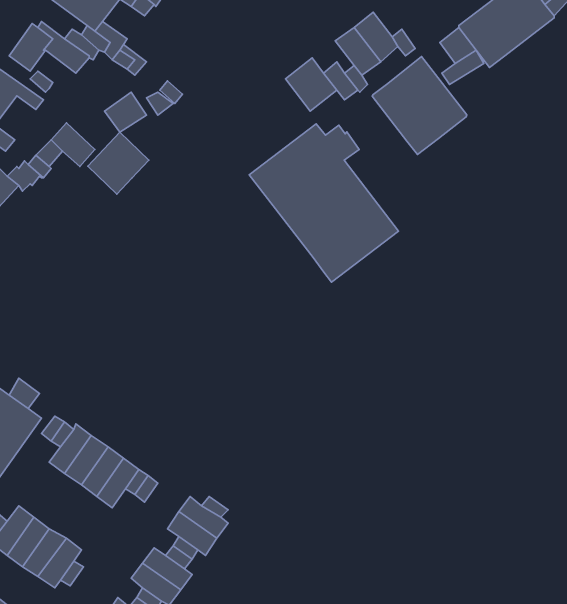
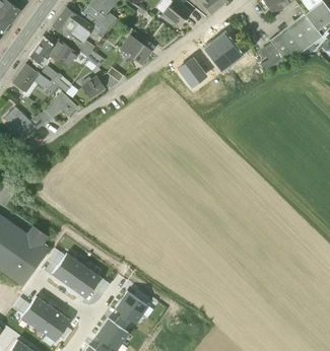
building: none -> [120,34,150,63]
building: [372,57,467,155] -> none
building: [249,124,398,282] -> none
building: [88,132,149,194] -> none

